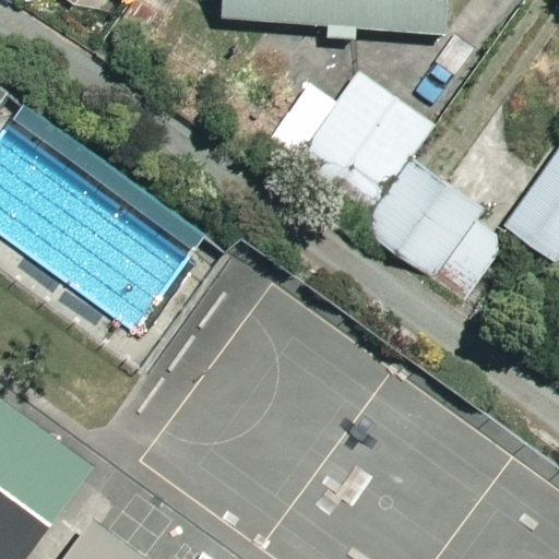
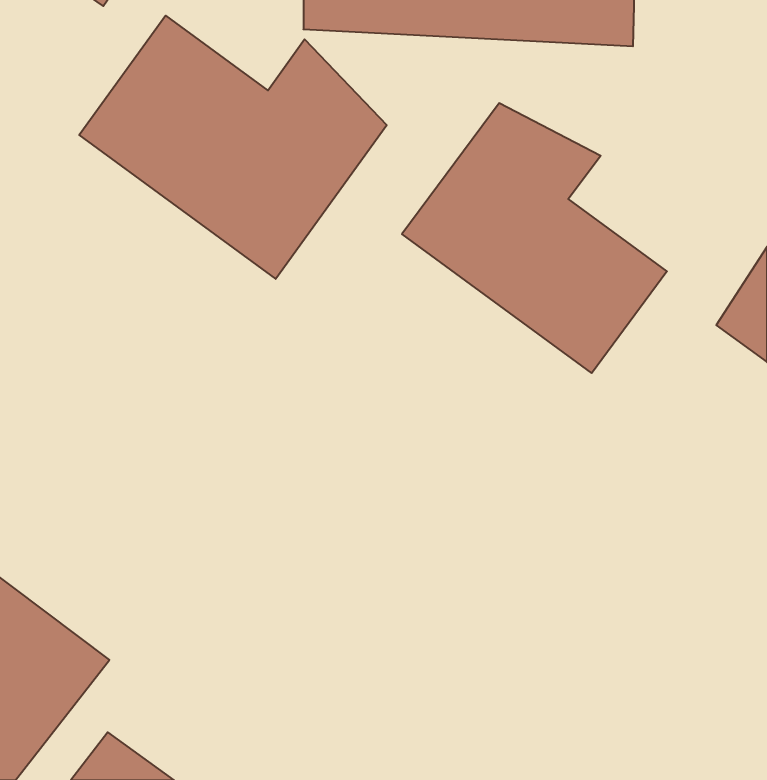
building: none -> [79,16,387,279]

